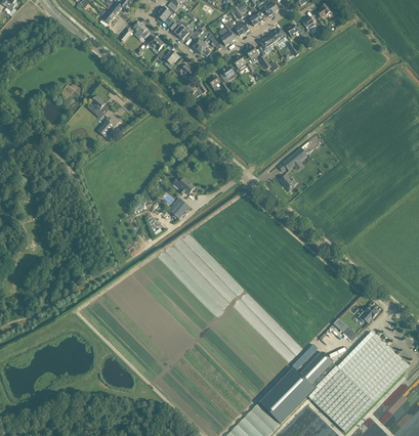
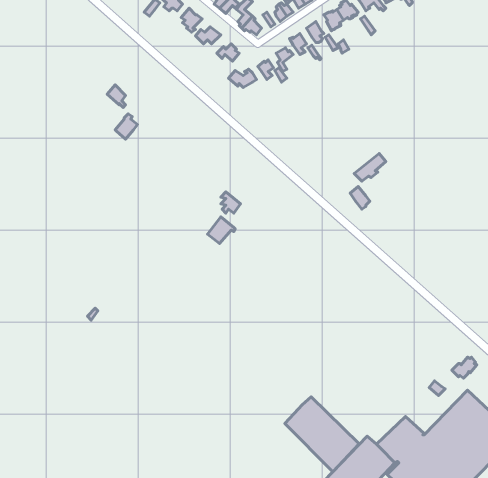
building: none -> [285,397,359,472]

